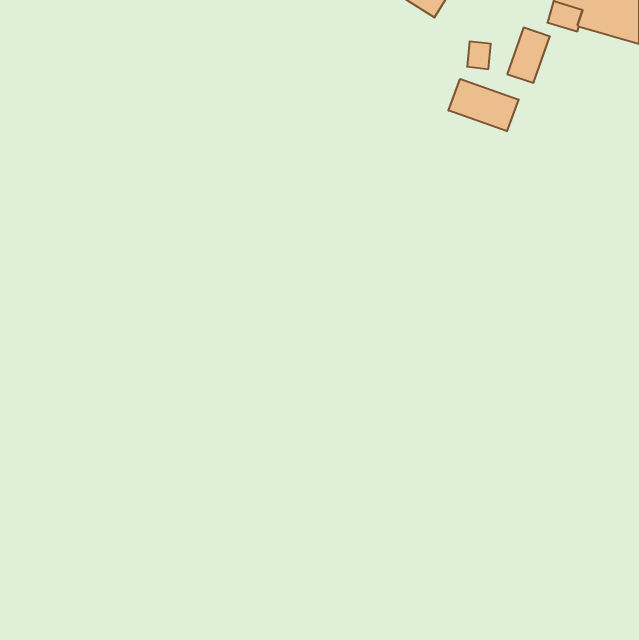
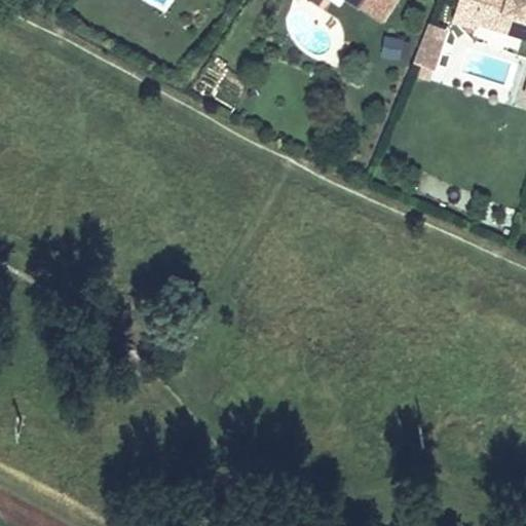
building: [448,79,519,131] -> none

